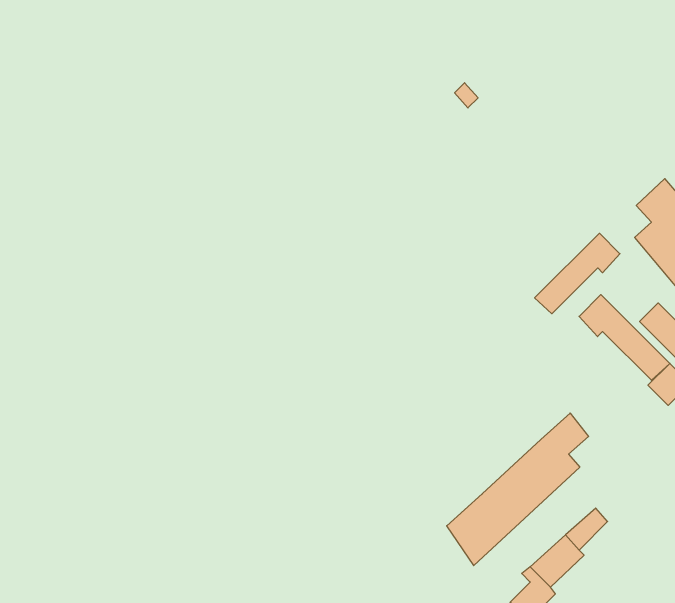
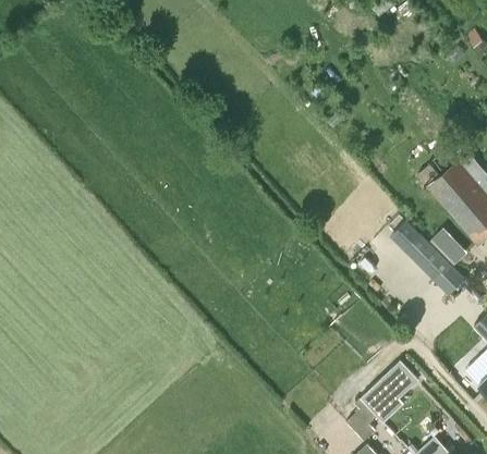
building: [535,233,620,314] -> none
building: [447,413,589,566] -> none

